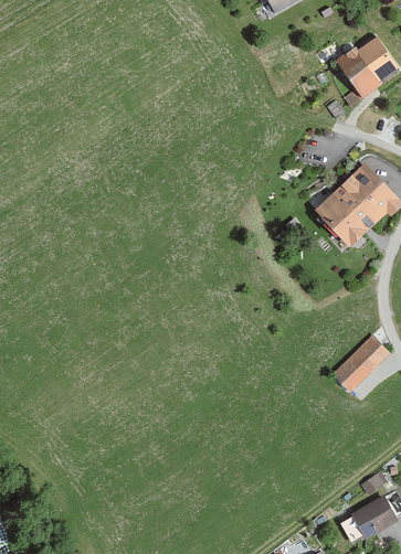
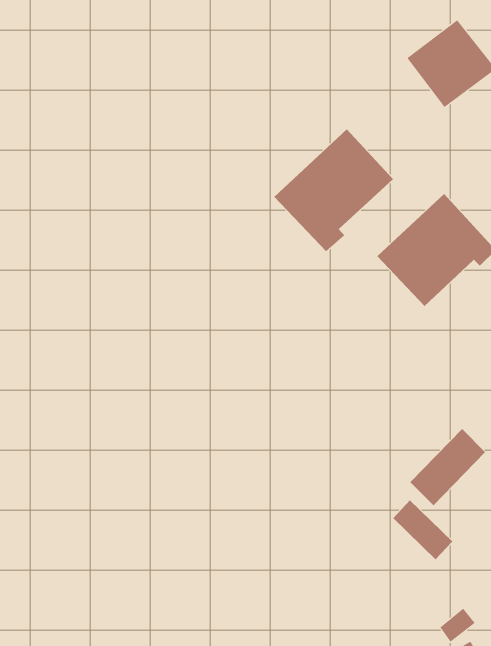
building: none -> [274,128,394,252]
building: none -> [392,500,453,560]

